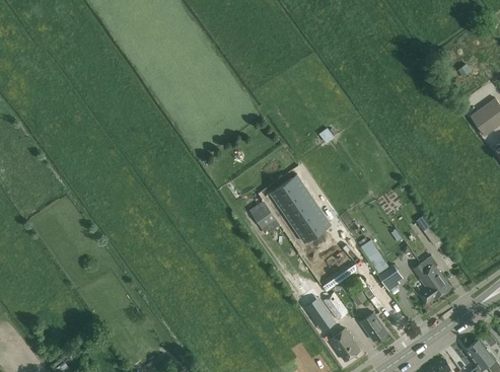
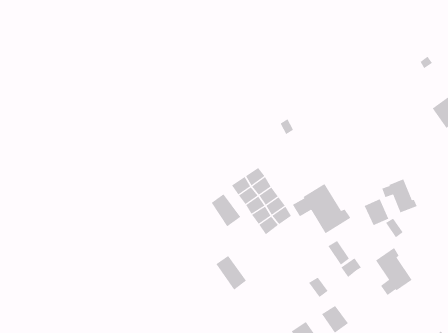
building: none -> [381,179,418,213]
building: none -> [292,183,351,234]
building: [304,298,336,333] -> [215,255,247,291]

